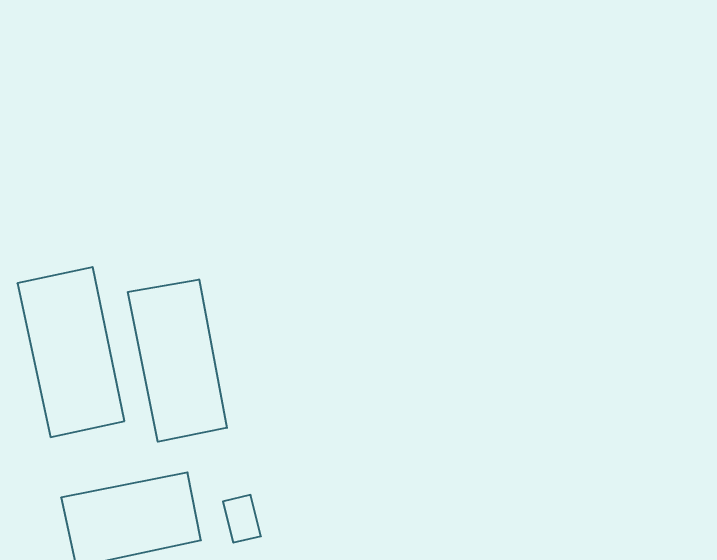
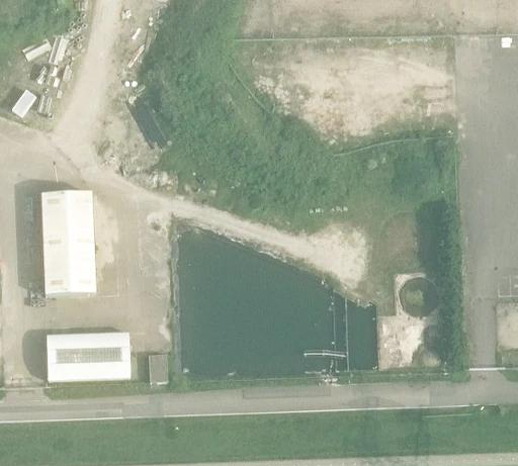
building: [128,279,227,442] -> none

